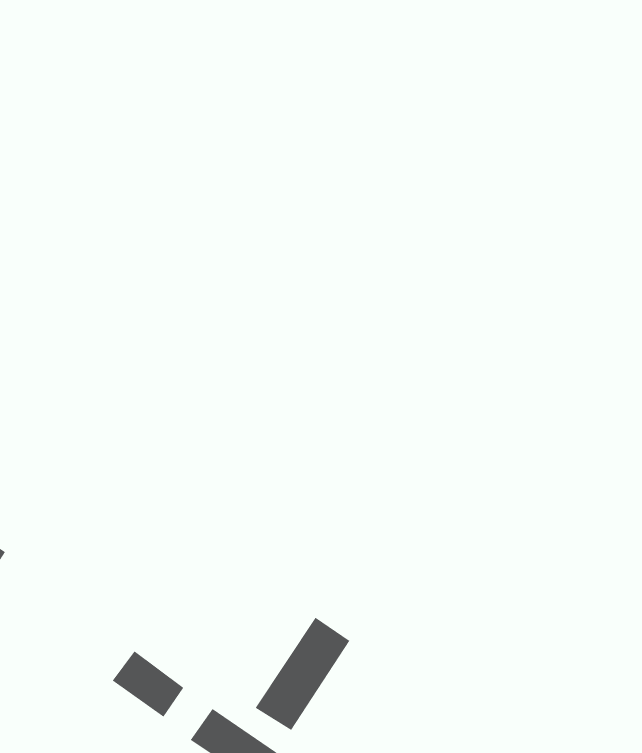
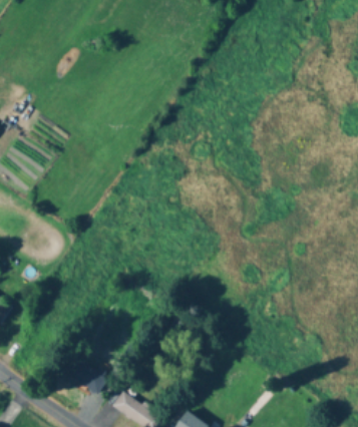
building: [255,617,350,731] -> none

